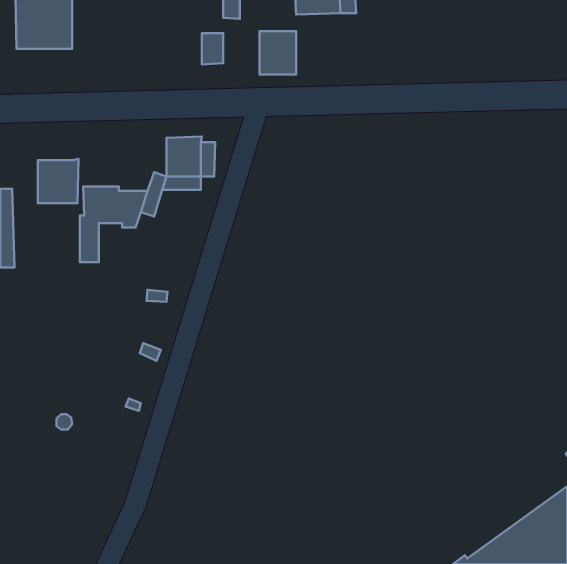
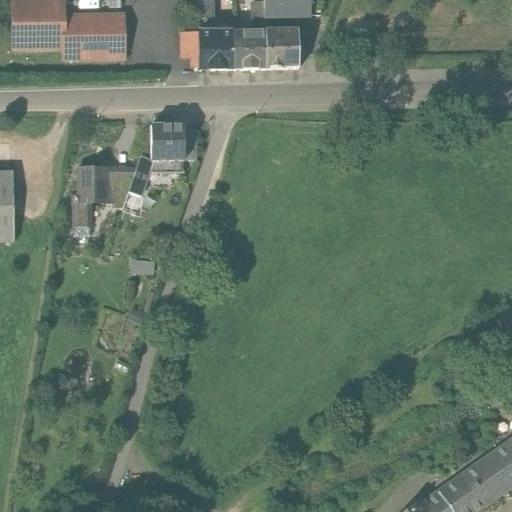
building: none -> [65,8,127,57]
building: none -> [201,28,234,67]
building: none -> [267,28,299,67]
building: [38,159,79,203] -> none

